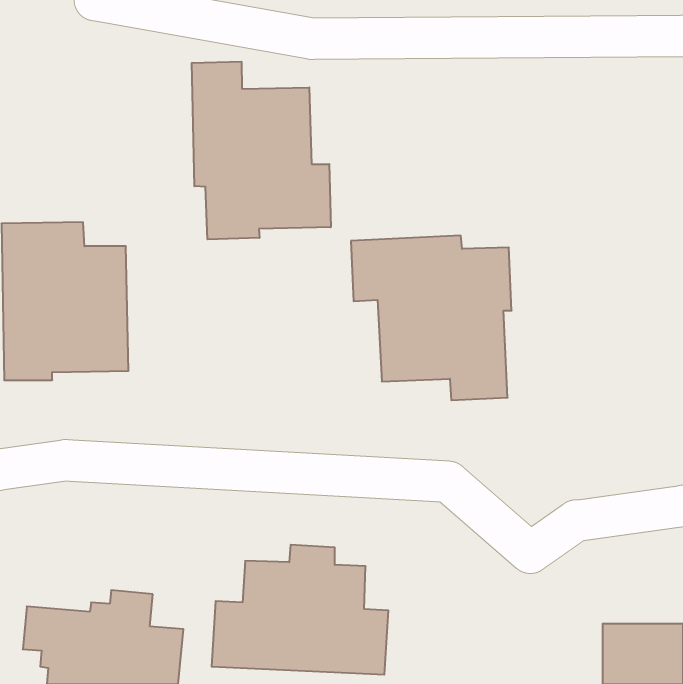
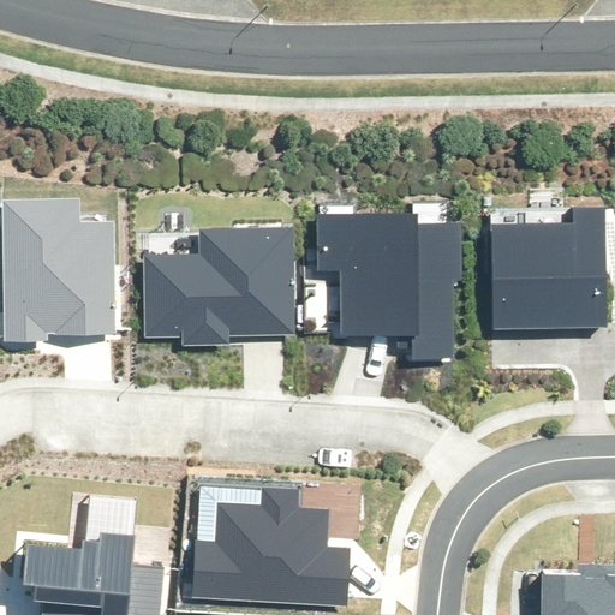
building: [192,62,331,239] -> none
building: none -> [494,207,605,327]
building: none -> [143,232,294,347]

